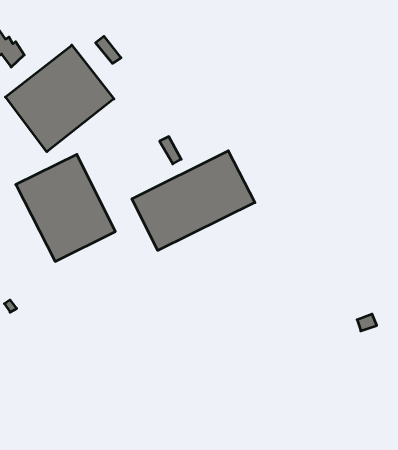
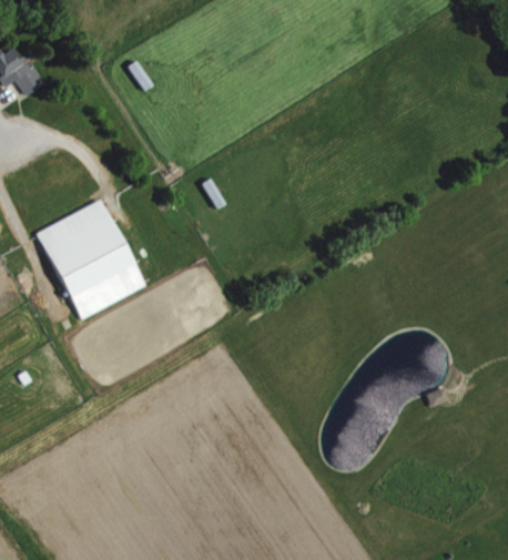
building: [5,45,114,152] -> none
building: [132,151,255,250] -> none

